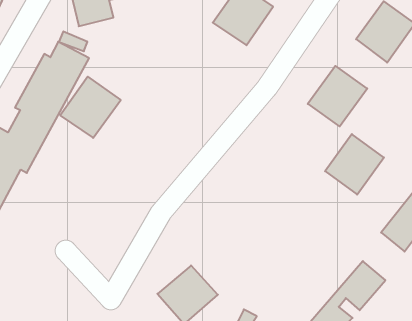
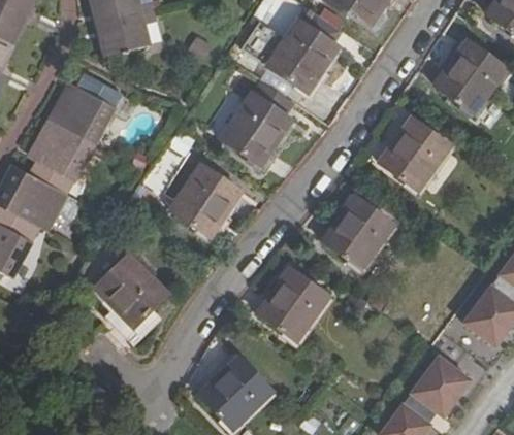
building: none -> [222,94,292,165]
building: [60,77,121,138] -> [168,163,240,236]
building: [325,134,384,195] -> [323,194,393,266]
building: none -> [95,253,170,327]
building: none -> [258,268,329,341]

